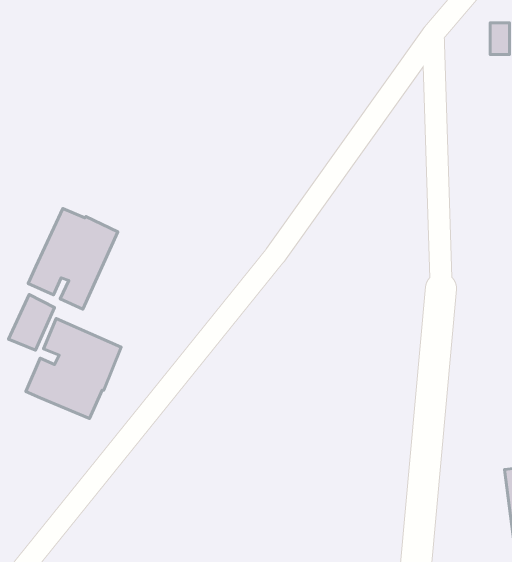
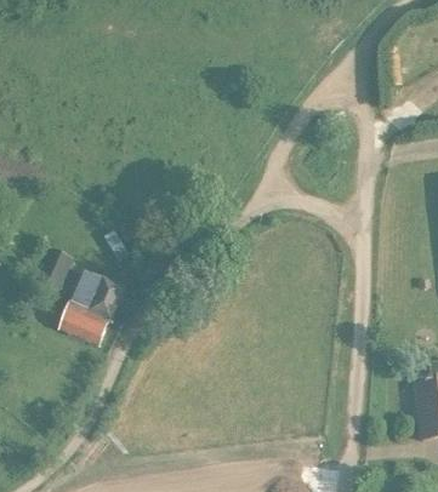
building: [28,208,118,309] -> none

